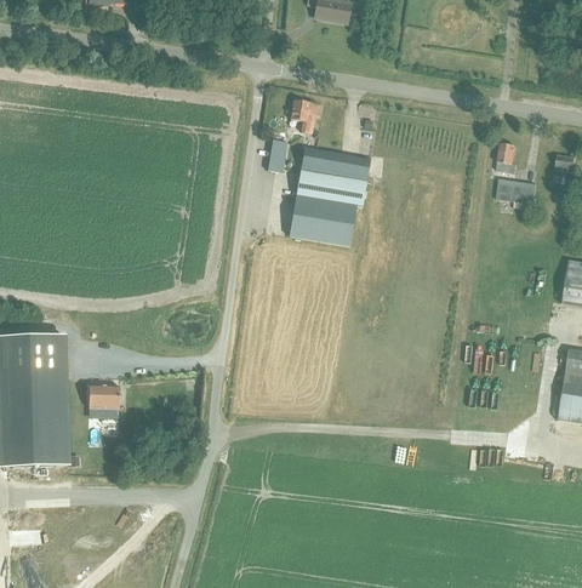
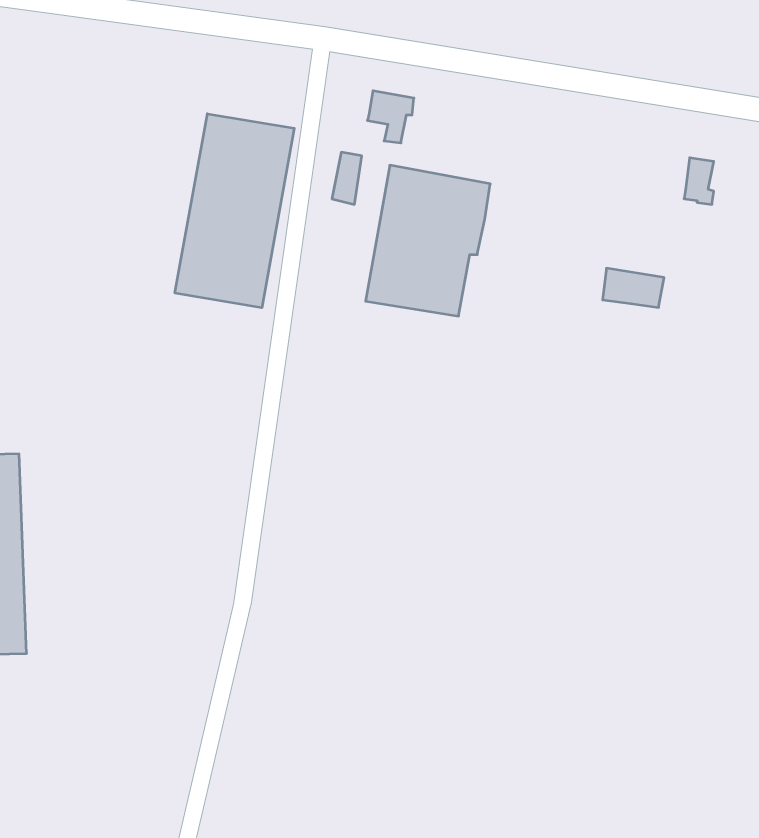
building: none -> [175,114,294,308]
building: [496,177,536,202] -> [603,268,664,307]
building: [89,383,119,407] -> none

